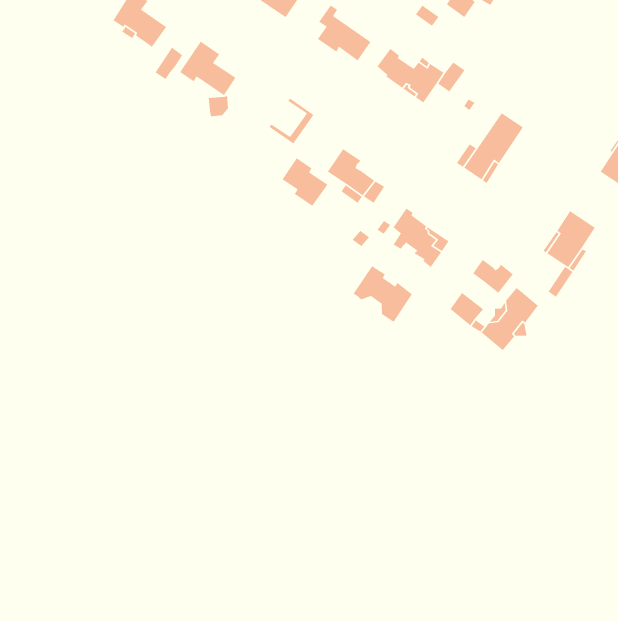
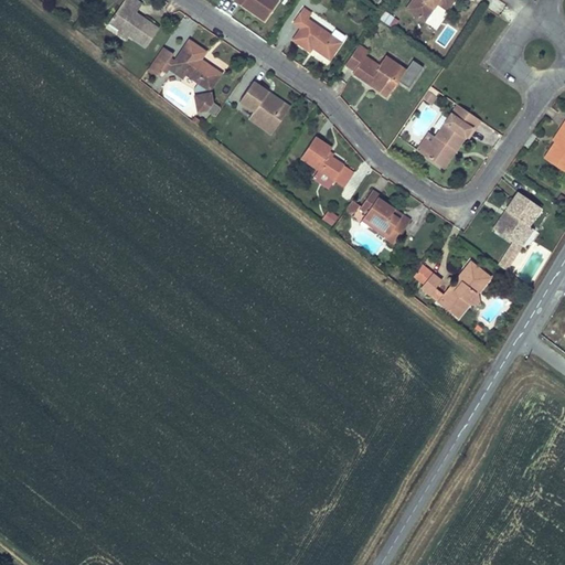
building: [282,157,329,207] -> [241,82,282,126]
building: [472,259,514,294] -> none
building: [353,265,413,323] -> none

